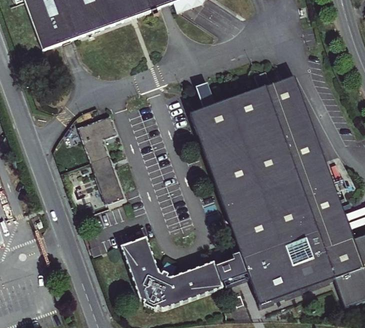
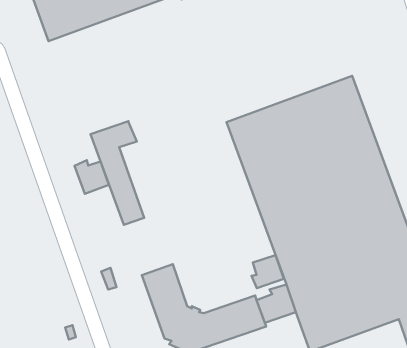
building: none -> [74,160,109,194]
building: none -> [252,255,284,288]

